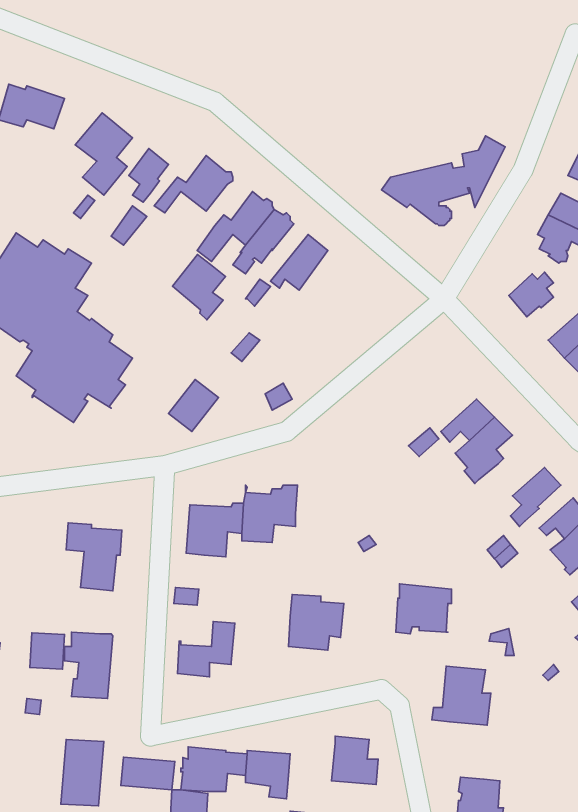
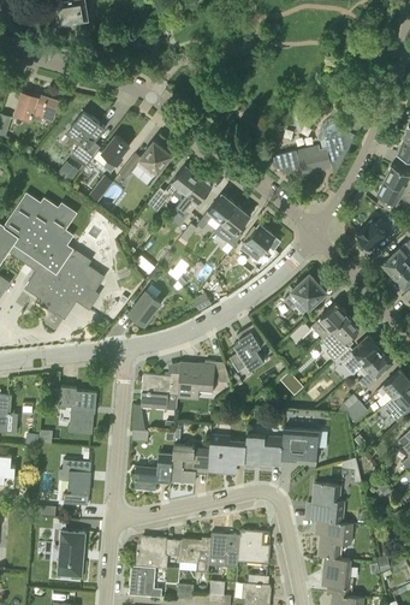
building: none -> [215,204,249,248]
building: [172,255,226,320] -> none
building: none -> [240,225,279,260]
building: none -> [283,275,325,314]
building: none -> [228,325,266,372]
building: none -> [335,339,380,369]
building: none -> [243,435,281,465]
building: none -> [170,444,209,484]
building: [30,633,65,669] -> none
building: none -> [311,521,352,559]
building: none -> [208,533,239,567]
building: [121,757,175,790] -> none

